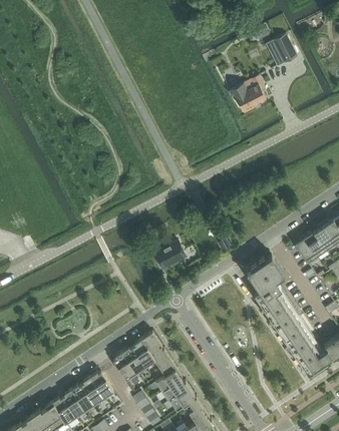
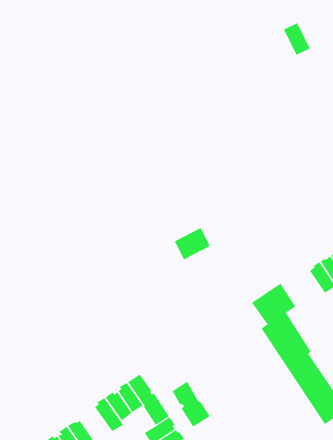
building: [231,77,267,112] -> none
building: [155,240,187,268] -> [174,227,211,260]
building: none -> [172,381,210,427]

